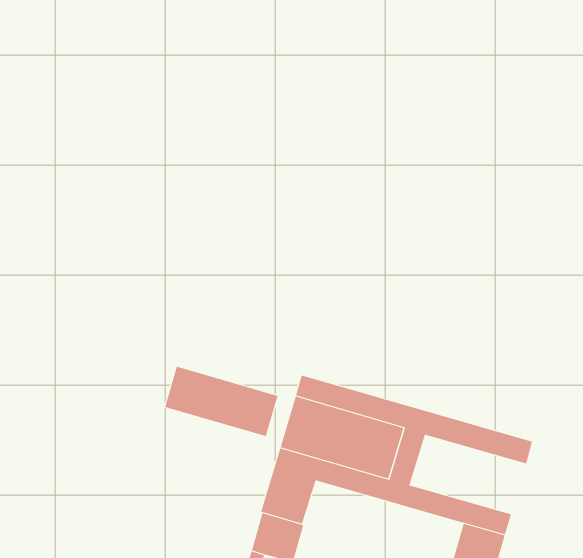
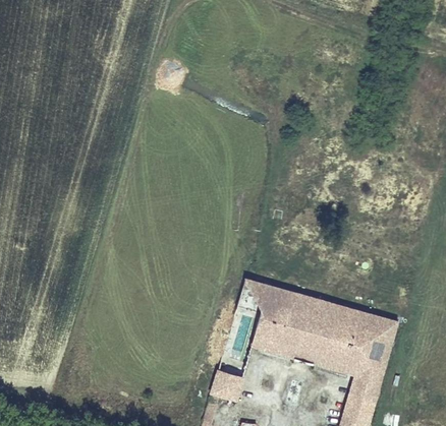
building: [165,366,278,437] -> none
building: none -> [317,318,395,371]

